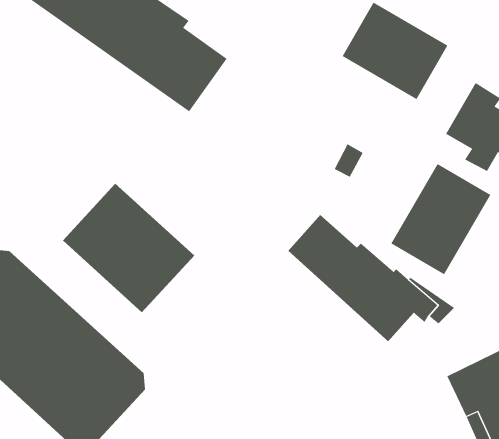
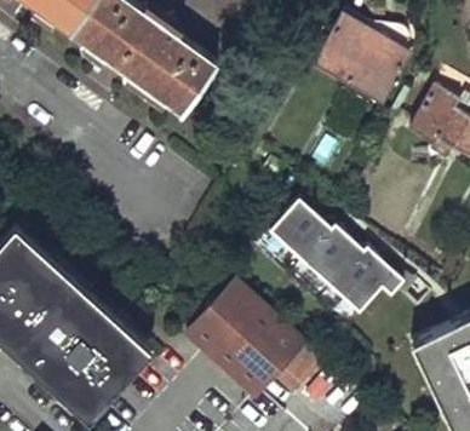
building: [391,163,491,275] -> none
building: [62,183,195,313] -> none
building: none -> [187,282,311,397]

